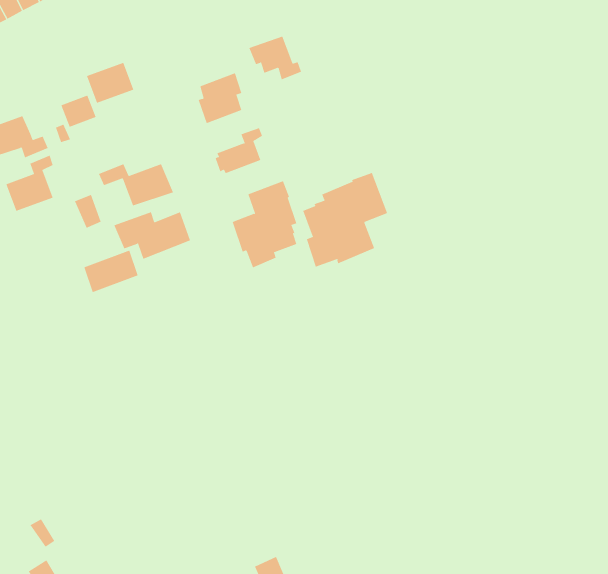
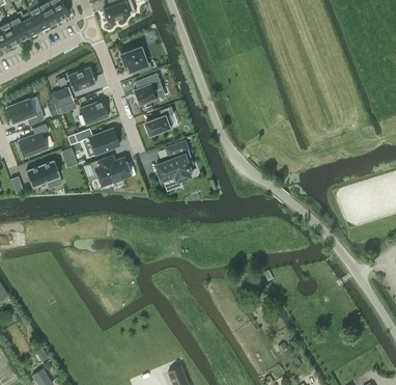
building: [249,36,302,80] -> [120,48,152,75]
building: none -> [80,101,109,126]
building: [302,172,388,268] -> none
building: [84,250,139,293] -> [27,161,60,187]

